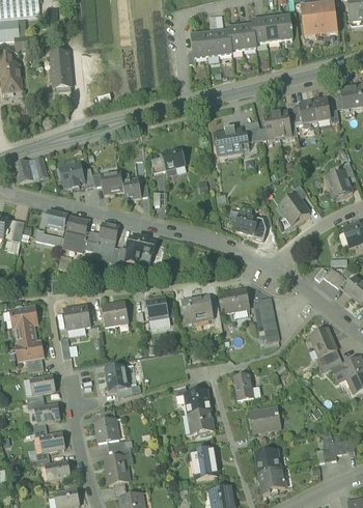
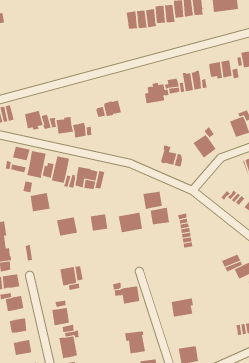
building: [49,51,71,92] -> none
building: none -> [143,191,162,210]
building: [63,304,90,329] -> [30,193,51,212]
building: [309,327,336,356] -> none
building: [232,373,253,400] -> none
building: [188,410,213,431] -> none
building: [255,448,280,471] -> none

